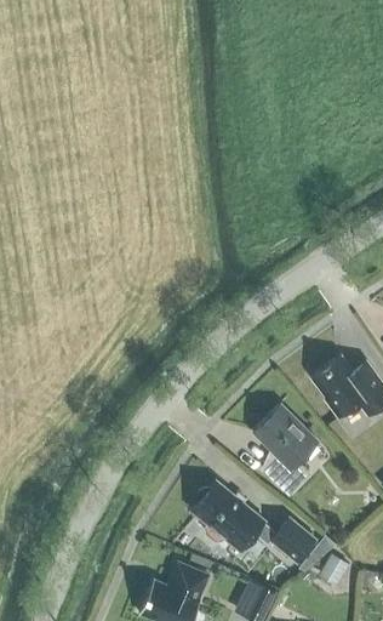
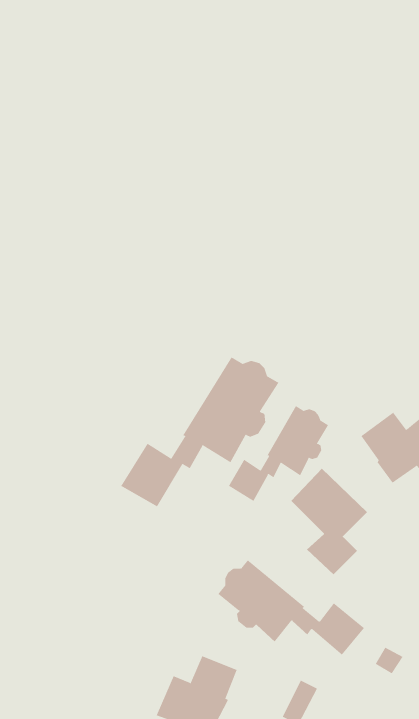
building: none -> [121,356,279,507]
building: none -> [228,405,329,502]

